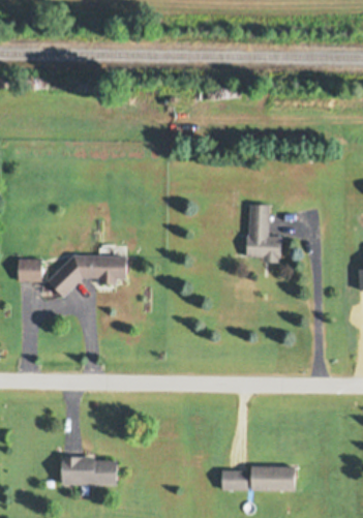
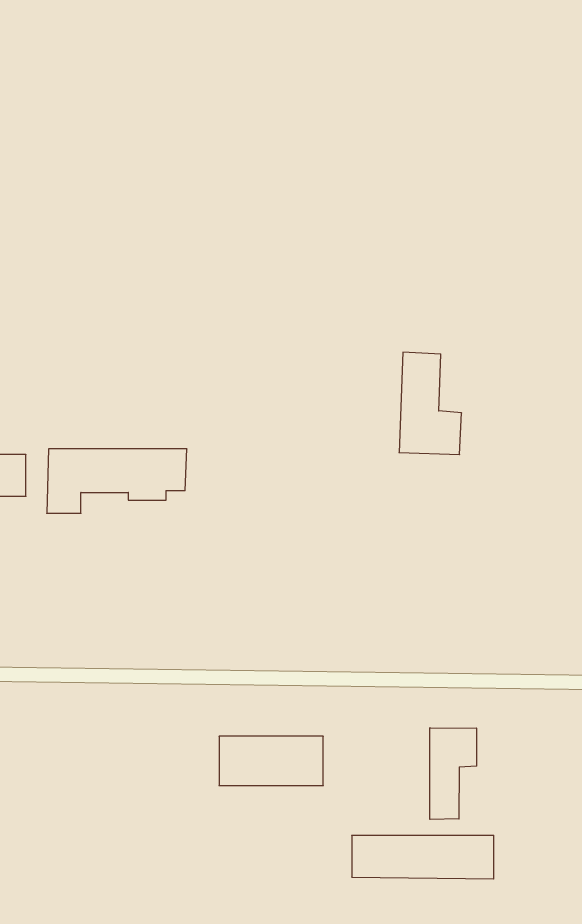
building: none -> [430,728,477,819]
building: [61,458,118,485] -> [219,736,323,786]

